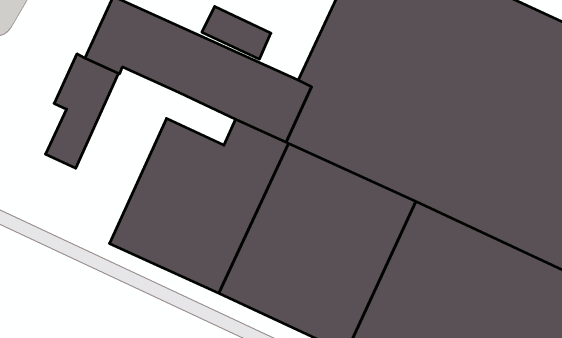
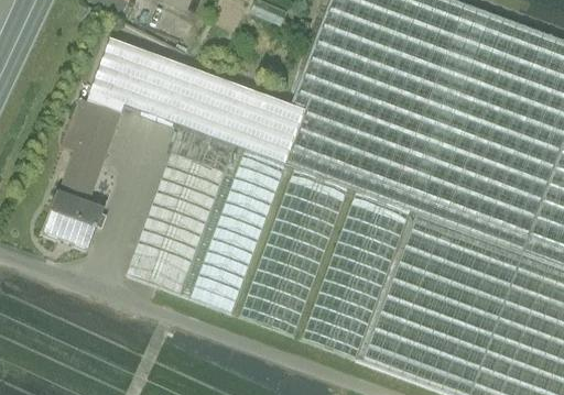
building: [202,6,271,59] -> [171,125,236,172]
building: none -> [45,194,105,249]

